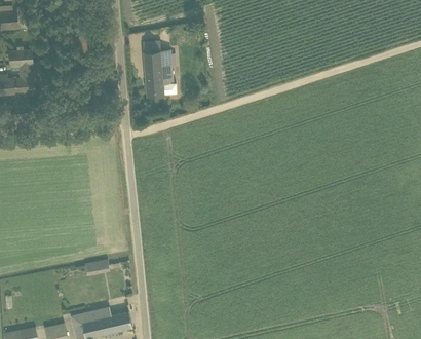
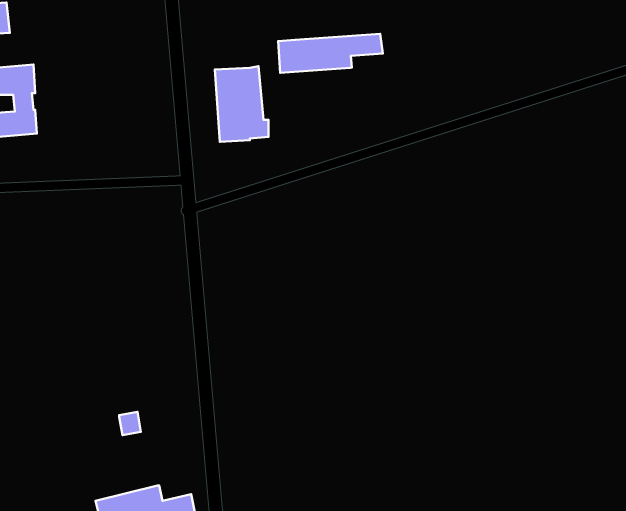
building: none -> [278,34,383,73]

